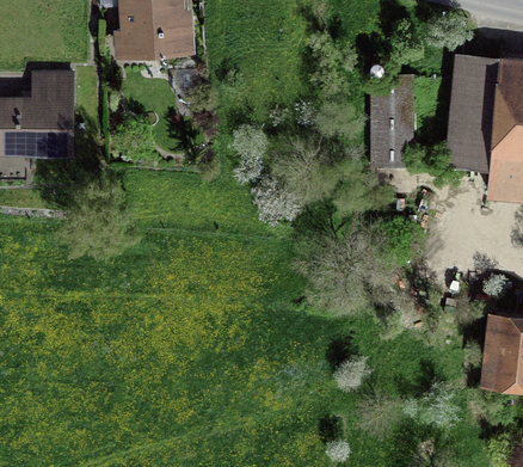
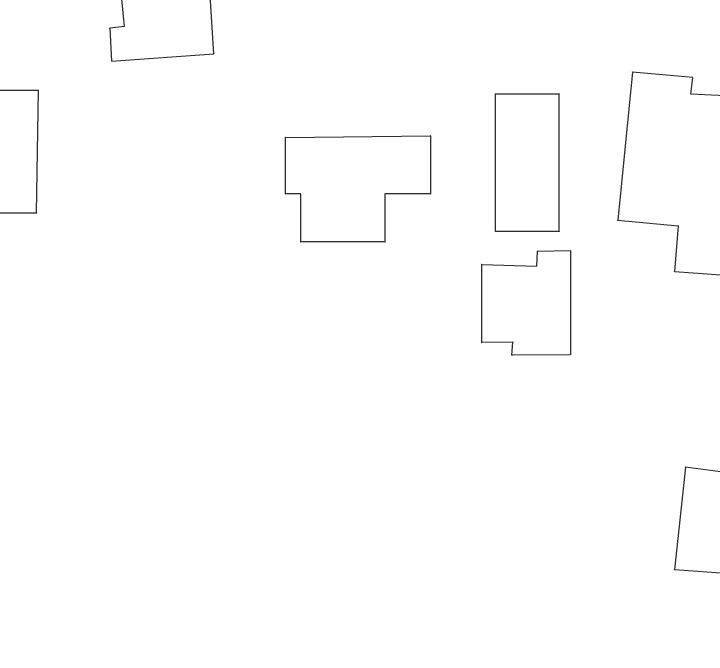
building: none -> [286,136,430,242]
building: none -> [482,251,570,355]

